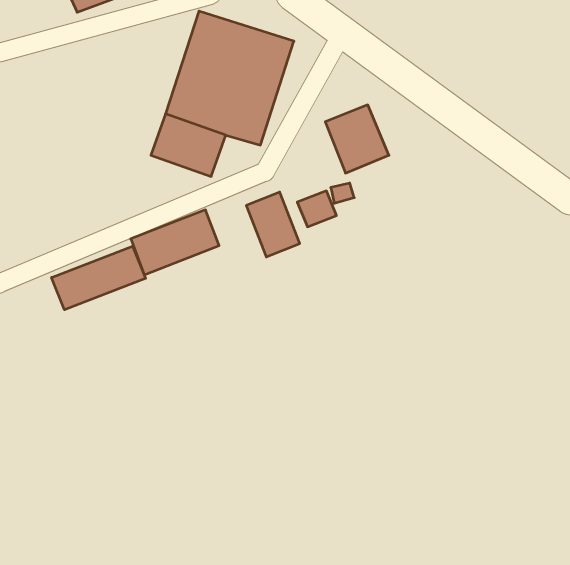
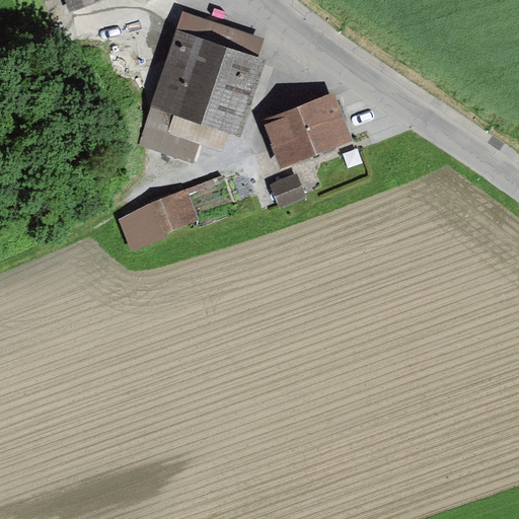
building: [246,192,300,257] -> [265,110,313,169]
building: [52,246,146,310] -> none

